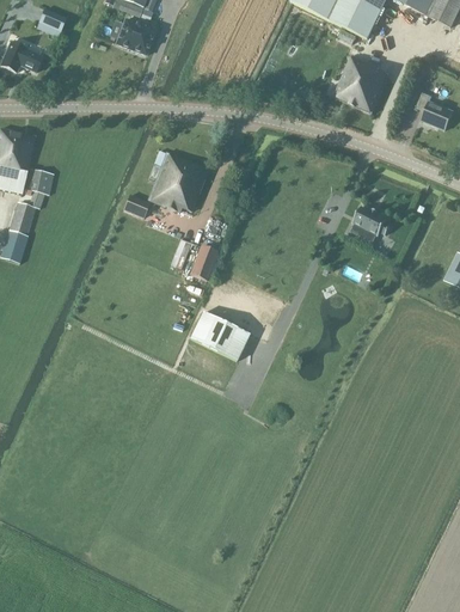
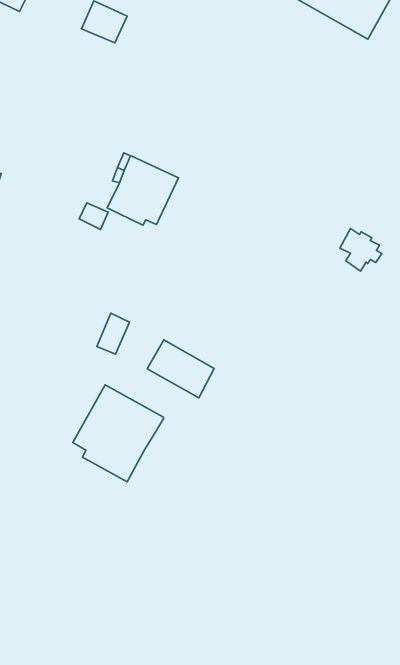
building: [333,56,390,114] -> none
building: [191,244,219,280] -> [97,313,130,354]
building: none -> [73,385,164,482]

